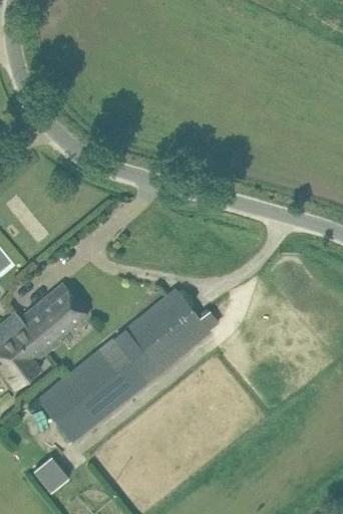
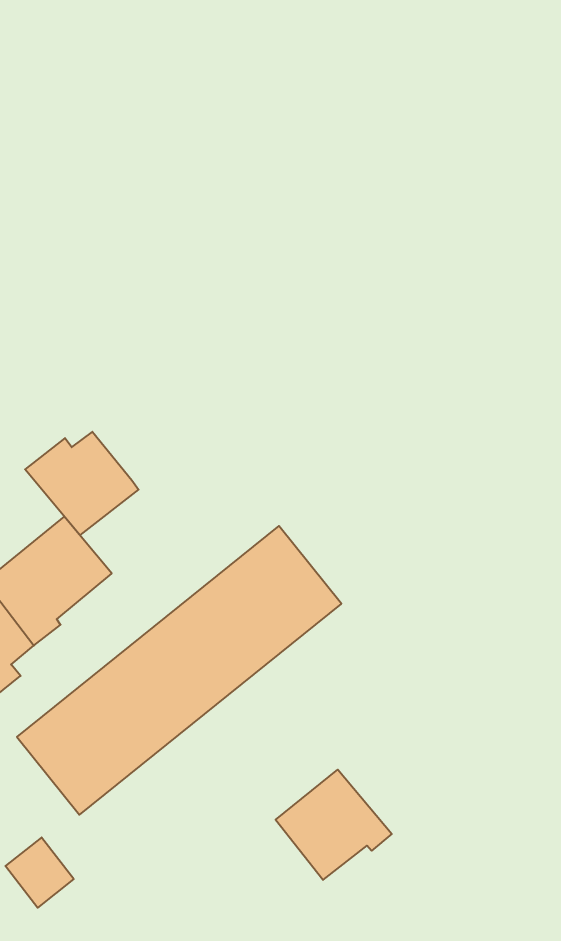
building: none -> [25,432,139,535]
building: none -> [276,770,392,880]

